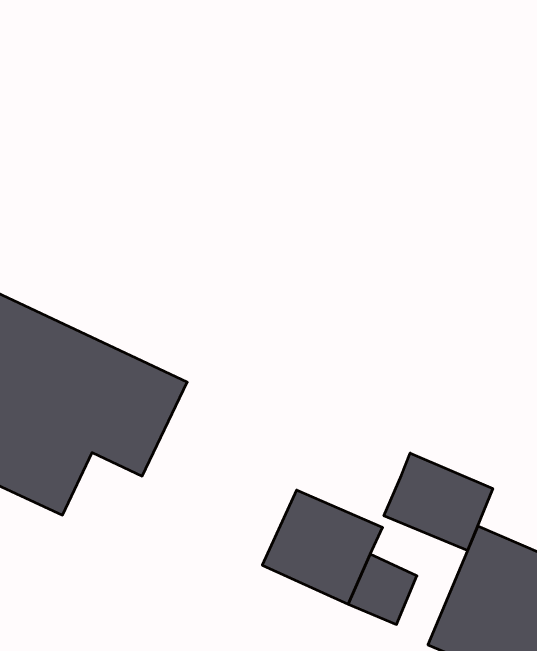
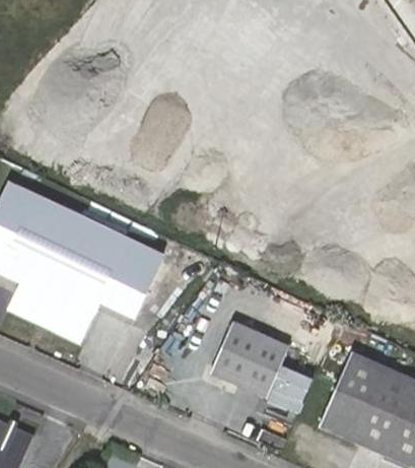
building: [384,453,493,550] -> none

